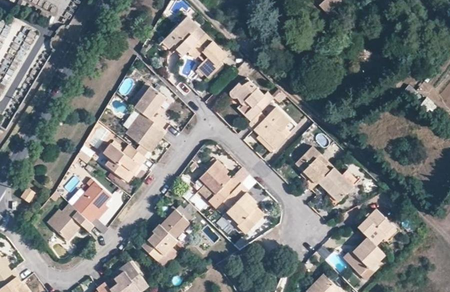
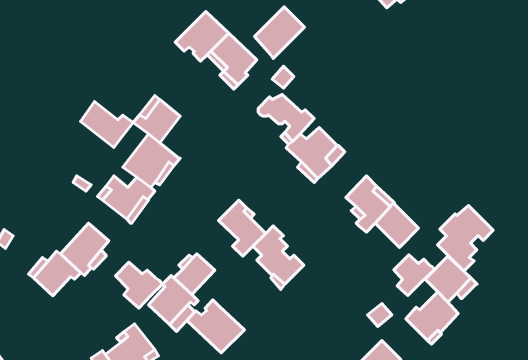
building: none -> [254,7,305,59]
building: none -> [80,102,133,147]
building: none -> [437,205,493,271]
building: none -> [394,255,434,295]
building: none -> [116,262,162,308]
building: none -> [187,300,244,353]

